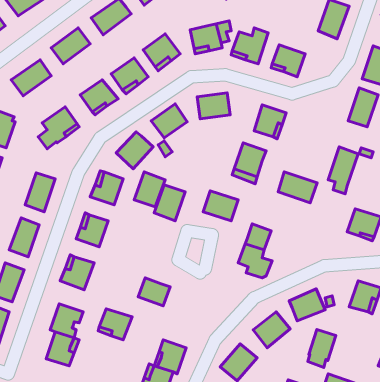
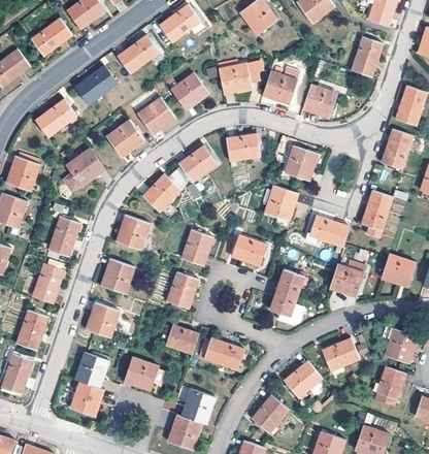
building: [134,172,165,207] -> [167,271,199,307]
building: none -> [329,264,364,297]
building: none -> [204,338,244,370]
building: [308,329,336,367] -> [375,366,404,406]

